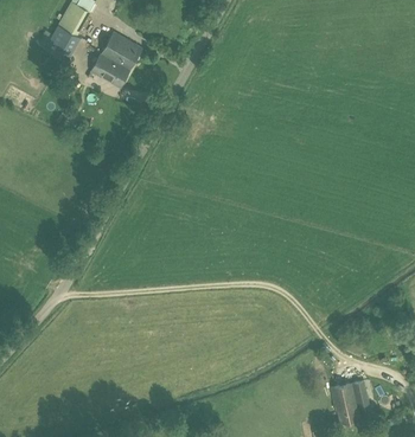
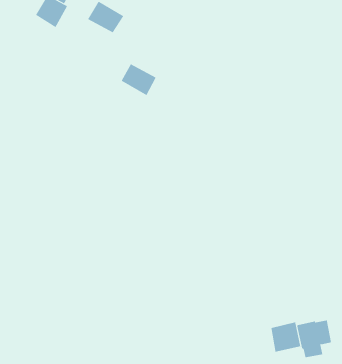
building: [90,52,129,88] -> [121,63,157,96]
building: none -> [271,322,301,353]

